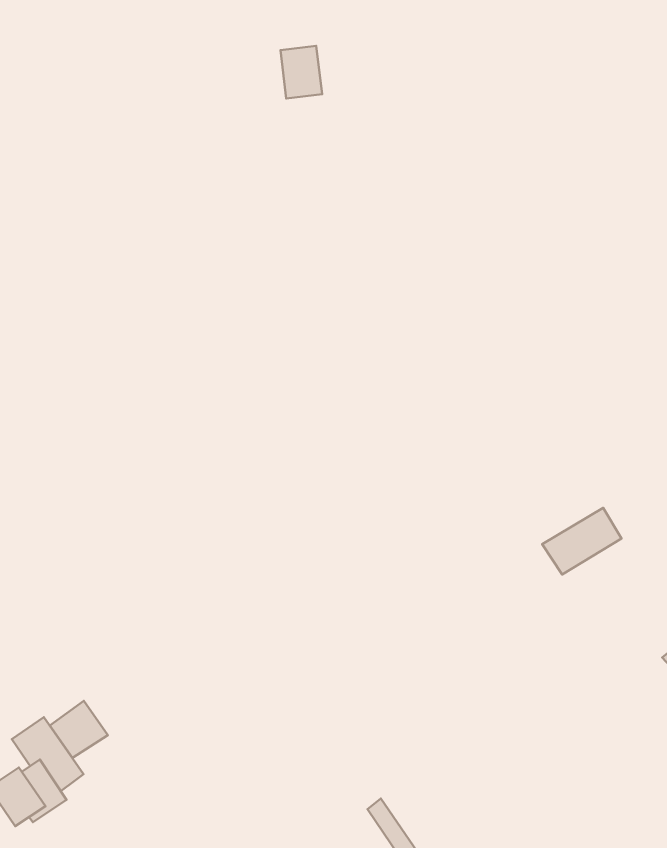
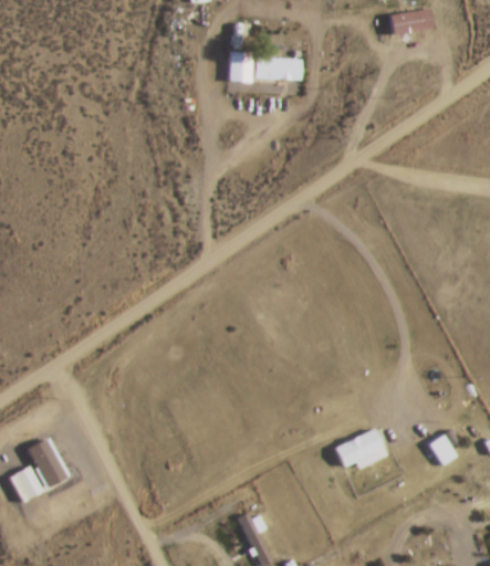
building: none -> [264,56,312,78]
building: [542,508,622,575] -> [332,431,380,469]
building: [50,701,108,758] -> none

